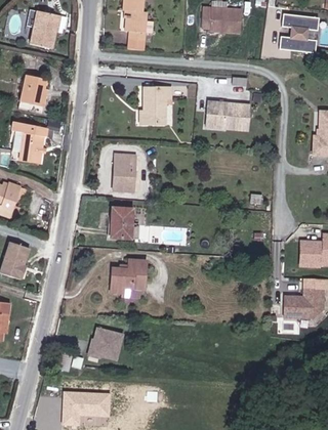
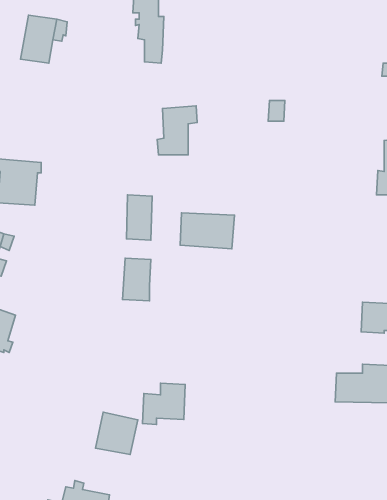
building: [201,8,242,33] -> none
building: [279,14,318,53] -> none
building: [22,76,48,109] -> none
building: [205,100,248,129] -> [180,213,234,249]
building: [116,260,150,293] -> [142,383,185,425]

